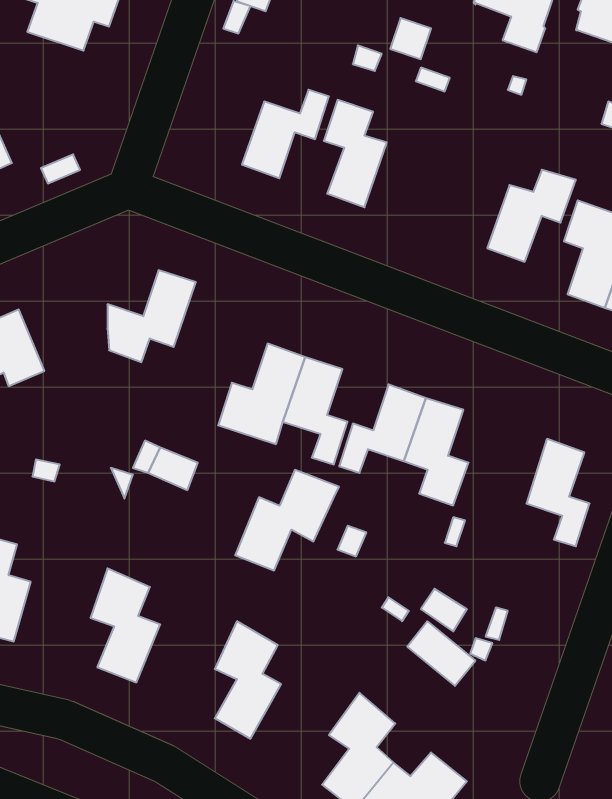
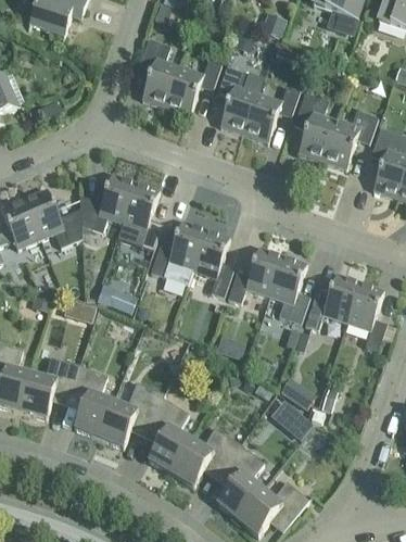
building: none -> [139,38,179,106]
building: none -> [243,86,300,141]
building: none -> [295,91,335,160]
building: none -> [122,181,162,251]
building: none -> [23,189,81,247]
building: none -> [304,273,359,329]
building: [235,470,339,570] -> [98,382,164,446]
building: none -> [20,356,79,418]
building: none -> [170,428,240,486]

